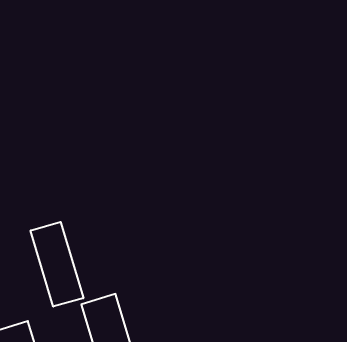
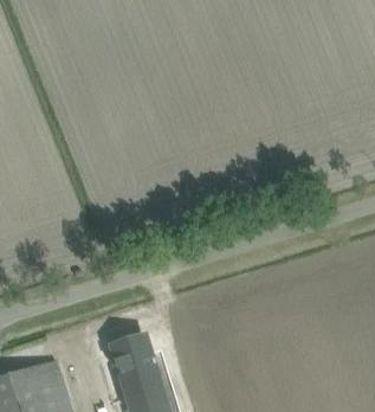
building: [31,222,83,307] -> none

